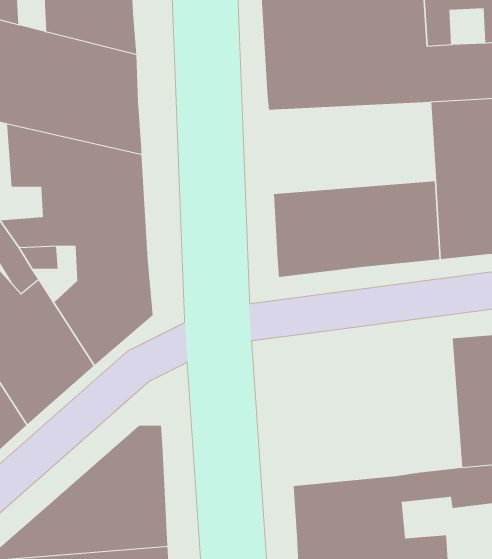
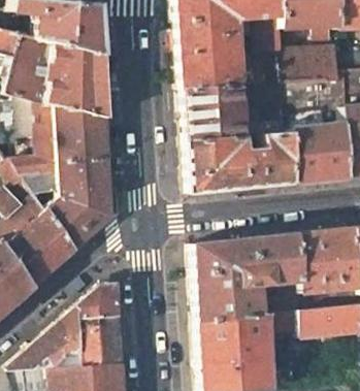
building: none -> [183,83,288,140]
building: none -> [193,231,304,324]

